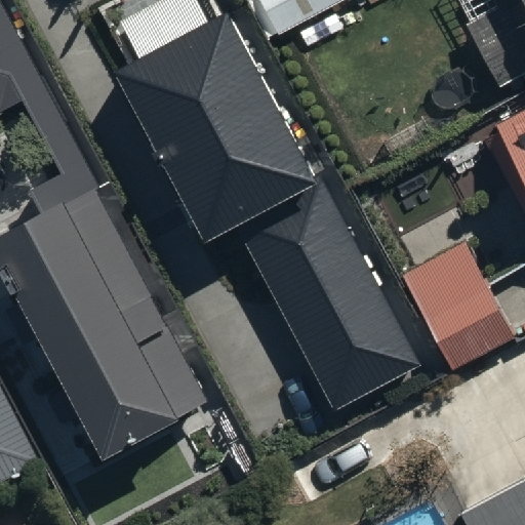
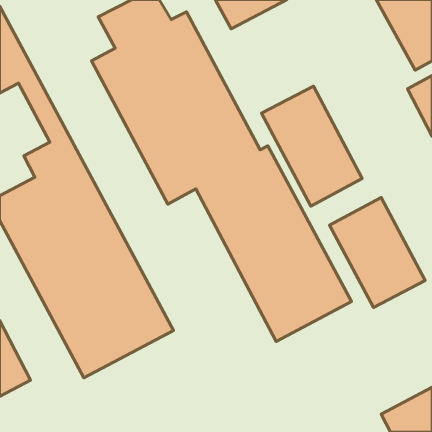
building: none -> [261,86,362,206]

